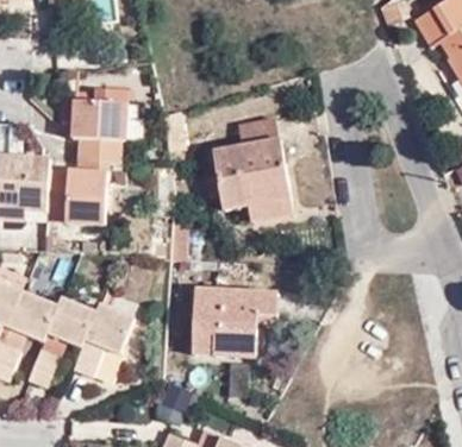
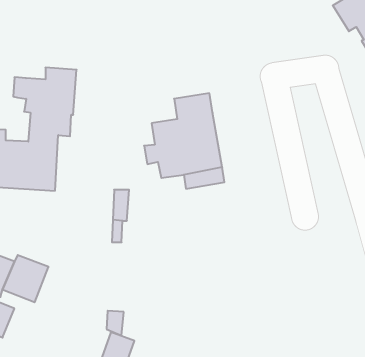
building: [191,287,277,355] -> none
building: [73,302,136,376] -> none

